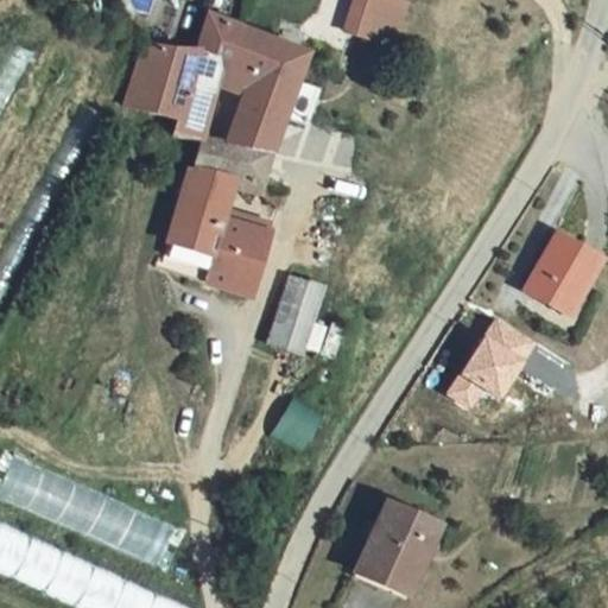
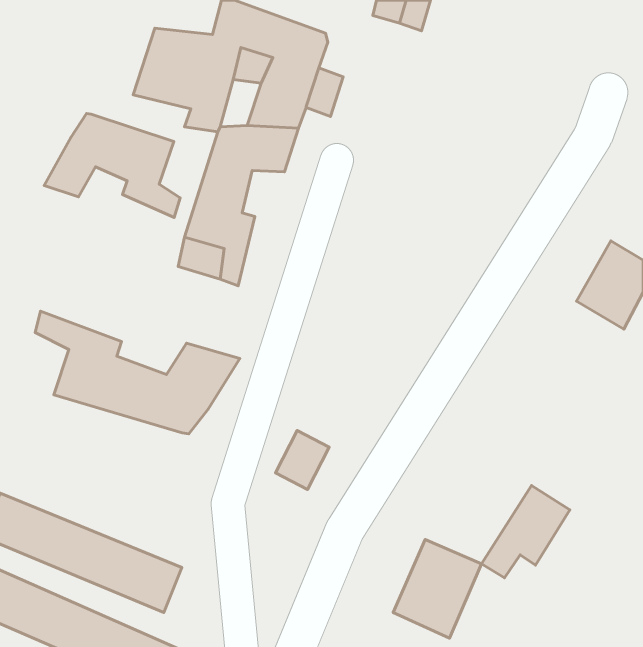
building: none -> [44,114,180,218]
building: [221,208,281,284] -> none
building: [271,265,325,341] -> none
building: none -> [35,311,240,434]
building: [438,329,520,414] -> [482,486,570,578]

